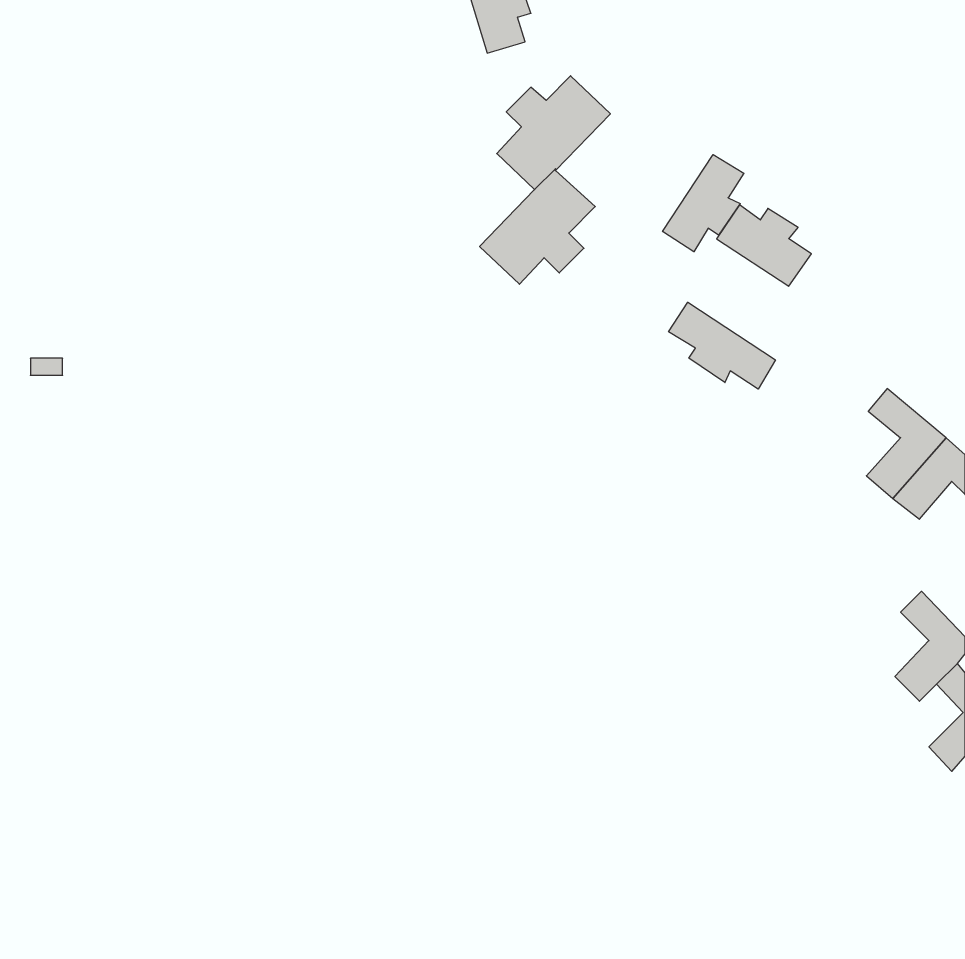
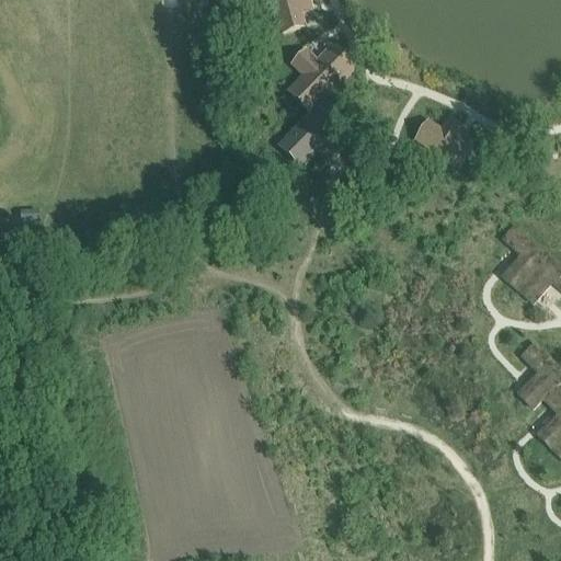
building: [663,155,744,252] -> none
building: [669,302,775,389] -> none

